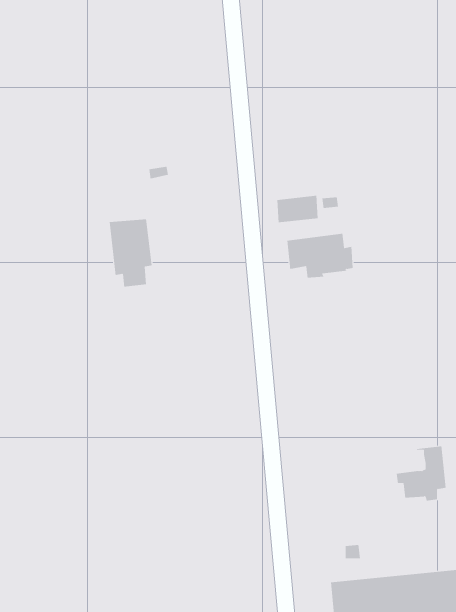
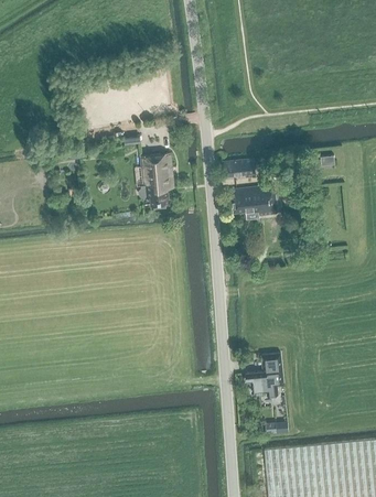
building: [109,219,153,287] -> [140,153,173,205]
building: [396,446,447,501] -> [245,353,283,395]

